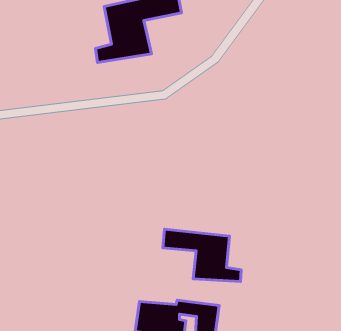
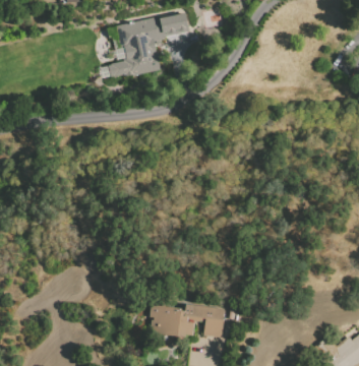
building: [163,229,241,281] -> none

